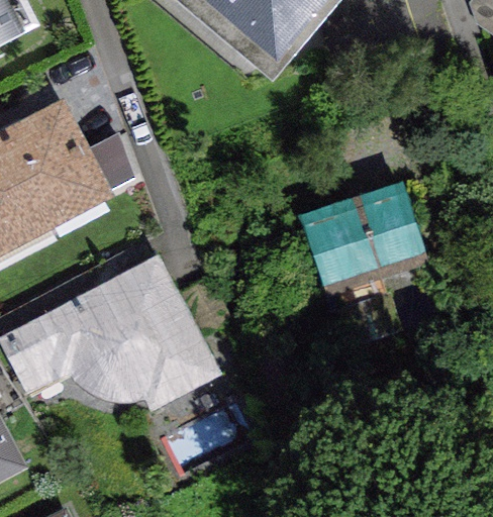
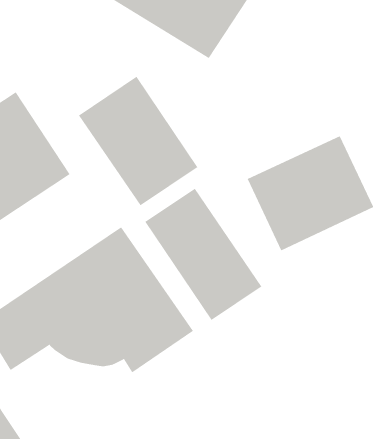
building: none -> [78,76,198,206]
building: none -> [144,188,262,321]

